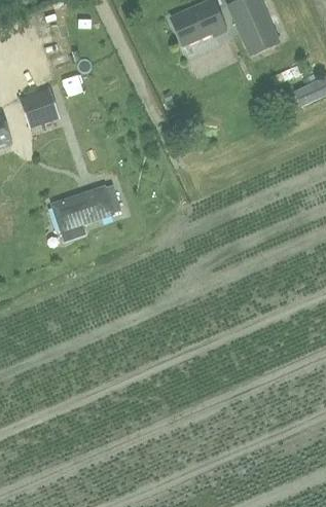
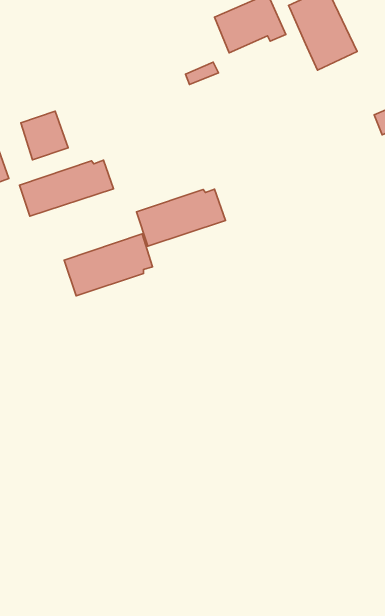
building: none -> [19,160,113,216]
building: none -> [136,189,225,246]

